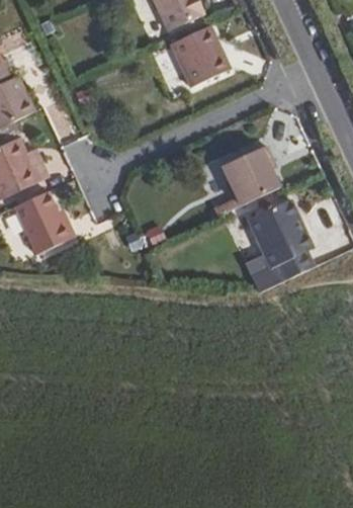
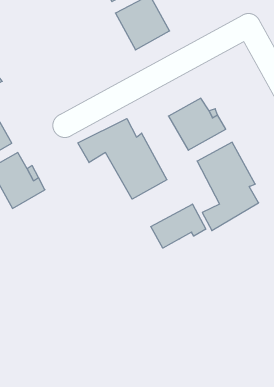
building: none -> [78,119,167,199]
building: none -> [151,204,206,248]

